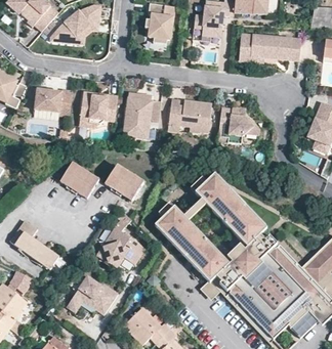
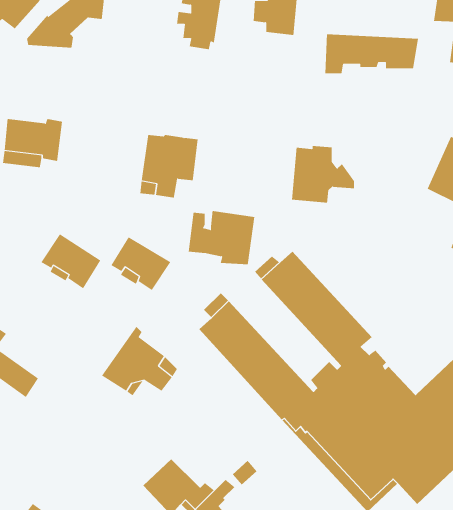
building: [79,92,117,124] -> none
building: [169,97,212,132] -> [188,210,255,265]
building: [66,273,118,312] -> none

